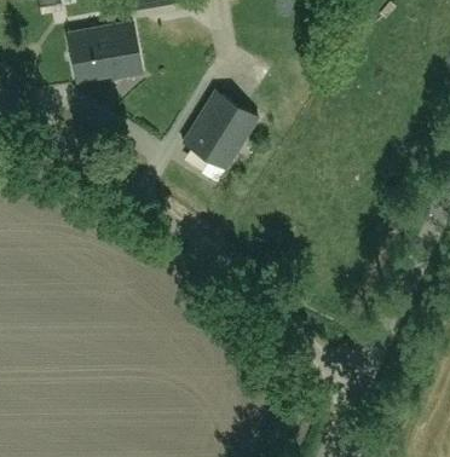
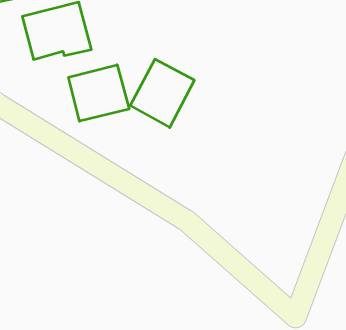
building: none -> [69,65,129,121]

